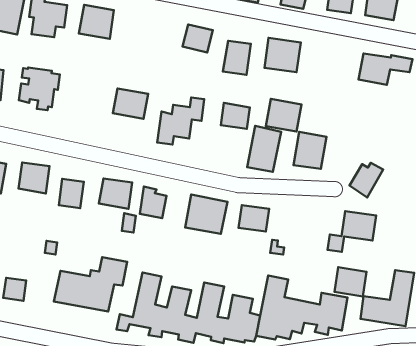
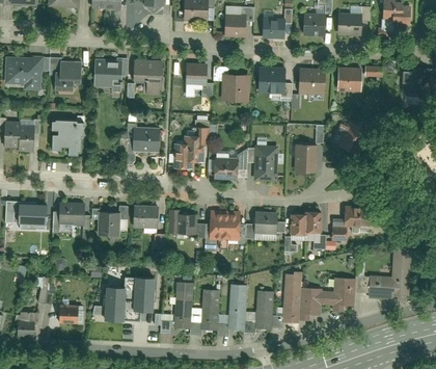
building: none -> [132,59,162,79]
building: [266,99,301,132] -> [300,68,328,93]
building: [221,103,250,129] -> [216,158,239,178]
building: [350,163,383,198] -> [333,121,360,151]
building: none -> [290,210,322,234]
building: [334,267,366,296] -> none

